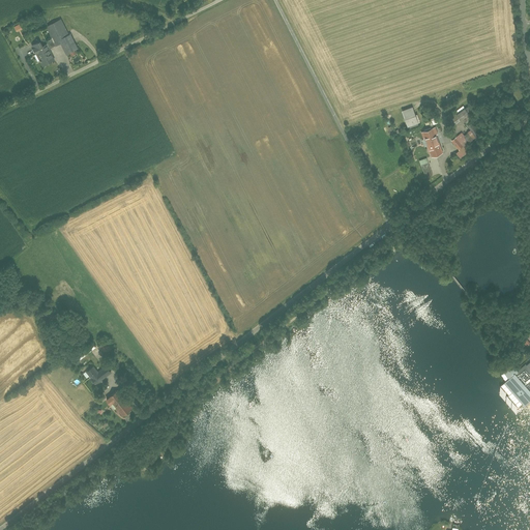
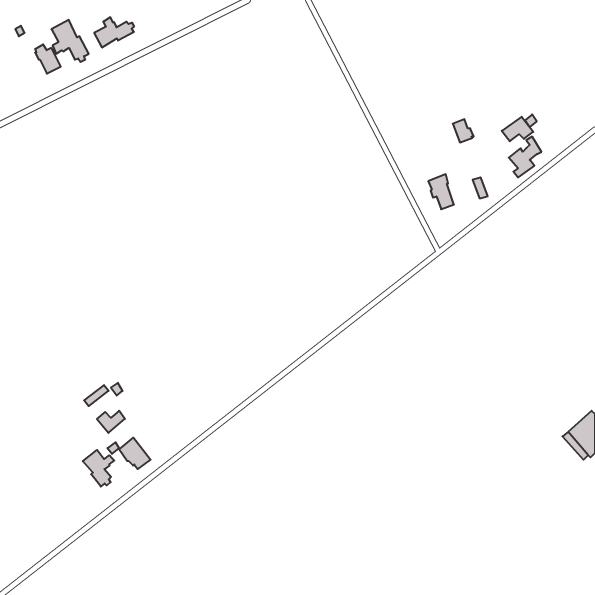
building: none -> [94,17,134,48]
building: [420,126,443,157] -> [428,174,454,209]
building: none -> [83,450,114,487]

